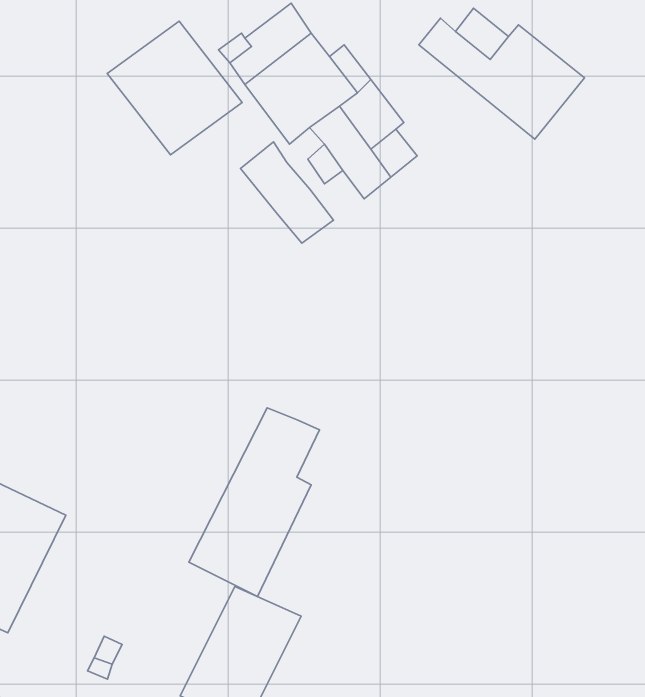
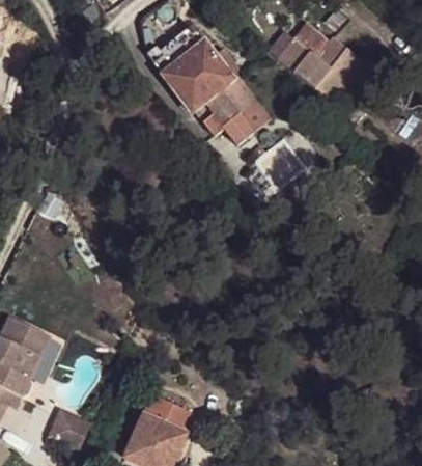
building: [107,21,242,155] -> none
building: [241,142,334,243] -> none
building: [189,408,320,597] -> none

